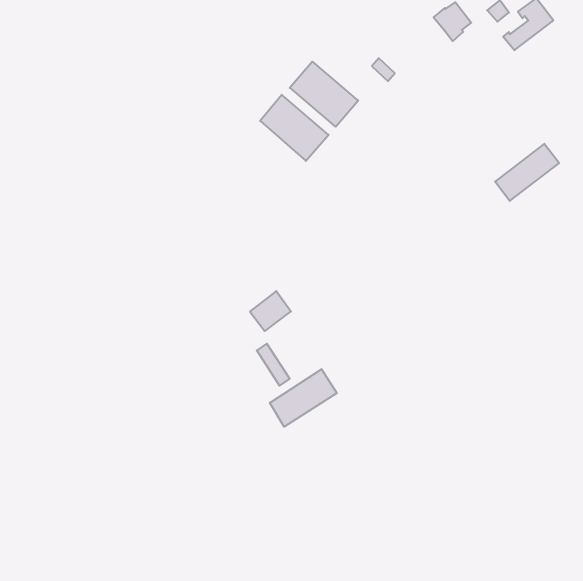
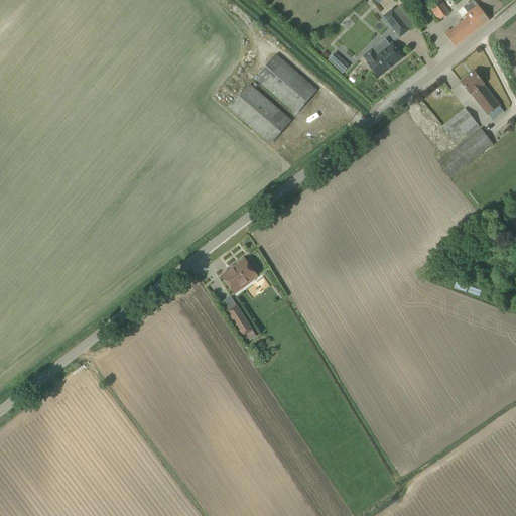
building: none -> [363,41,404,76]
building: none -> [461,70,504,119]
building: none -> [441,108,480,141]
building: [270,369,337,427] -> none

